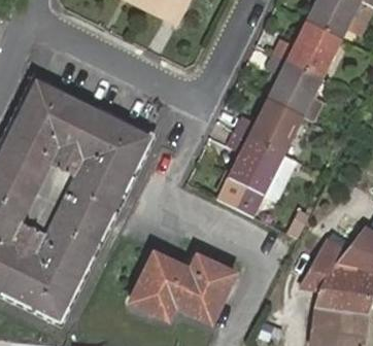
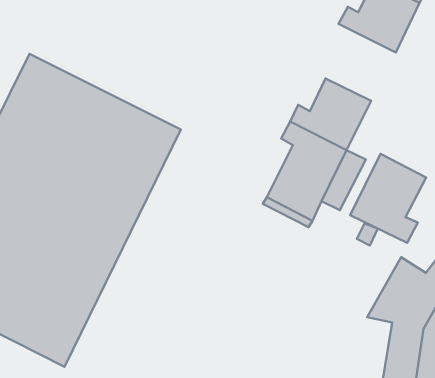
building: [267,54,323,114] -> none
building: none -> [350,154,426,243]
building: [131,252,235,321] -> none

